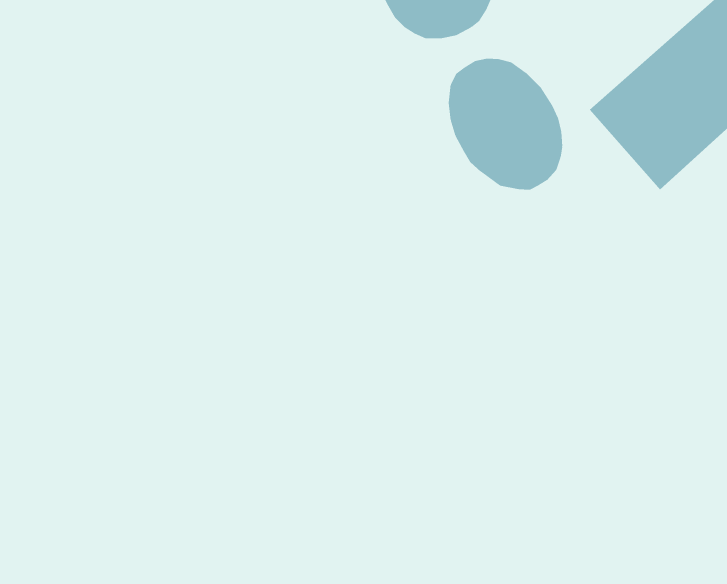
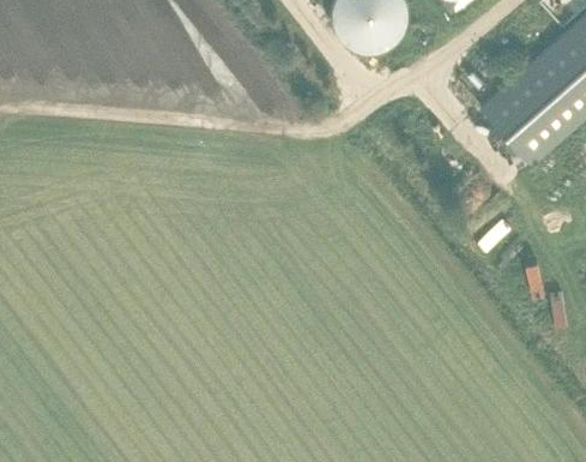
building: [448,58,563,190] -> none

